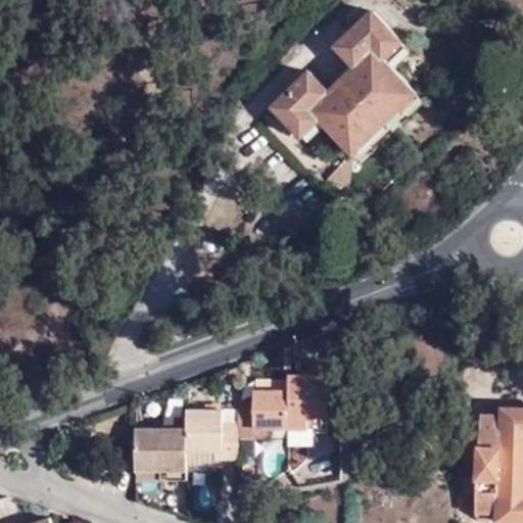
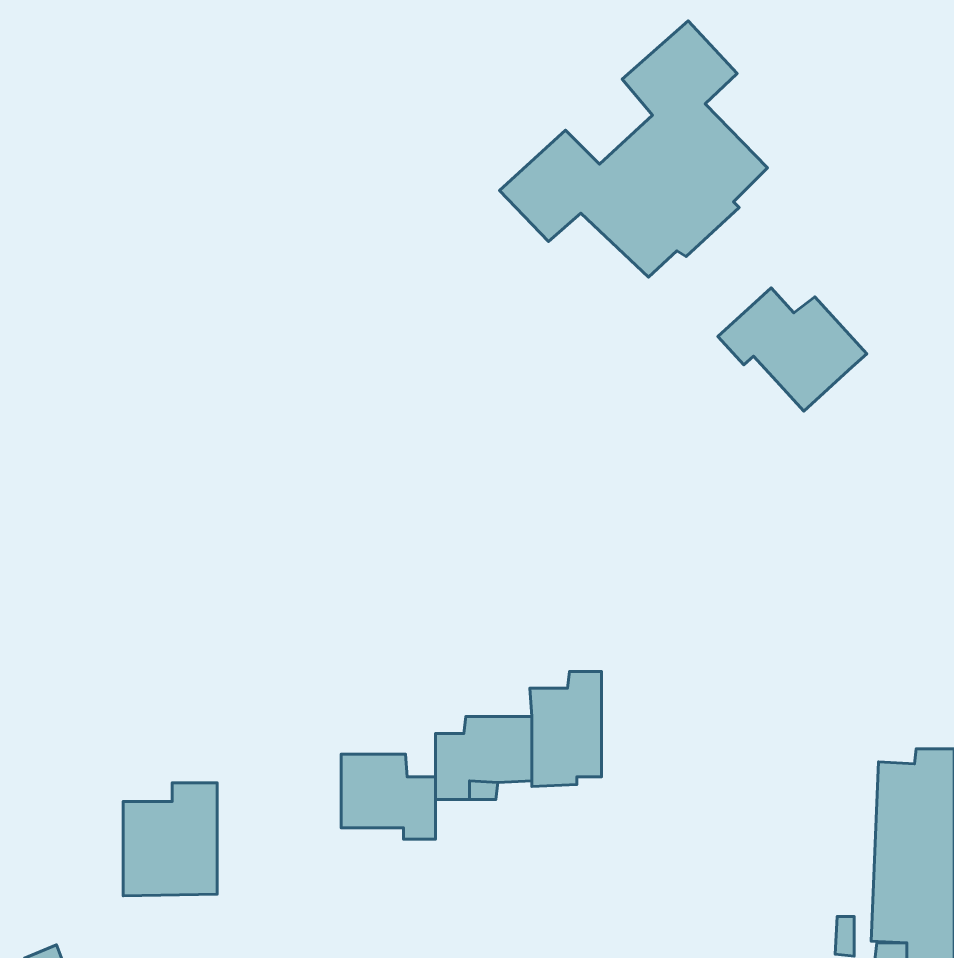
building: none -> [718,288,867,411]
building: [134,421,185,482] -> [123,783,217,896]

